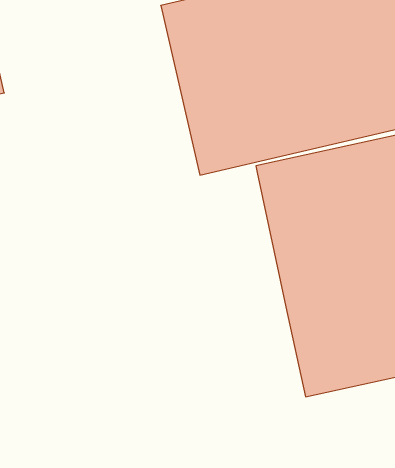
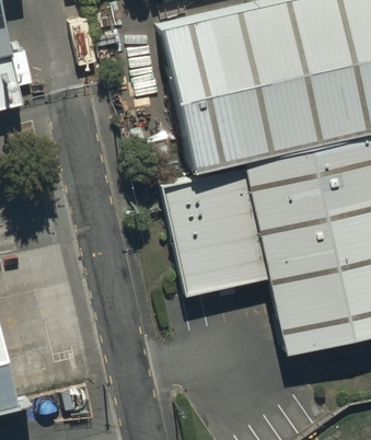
building: none -> [161,172,263,301]

